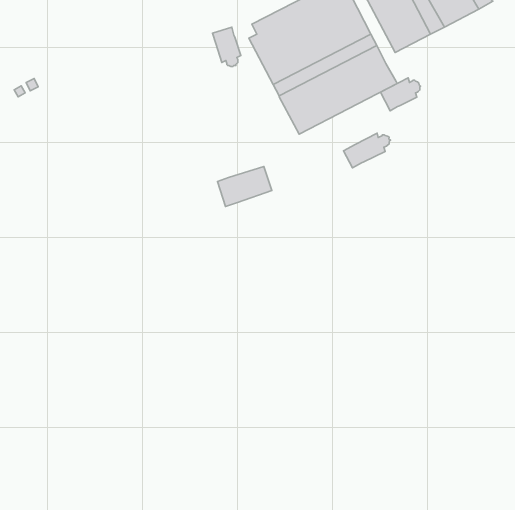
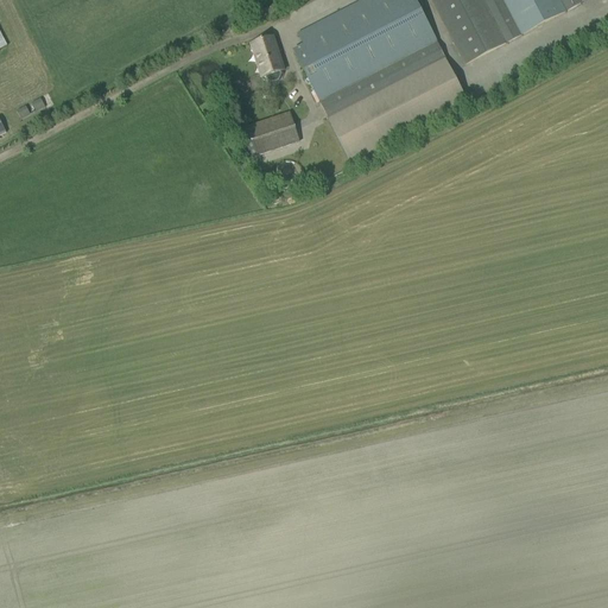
building: [381,78,420,111] -> none
building: [344,133,390,168] -> none
building: [217,166,272,207] -> [234,108,298,156]

